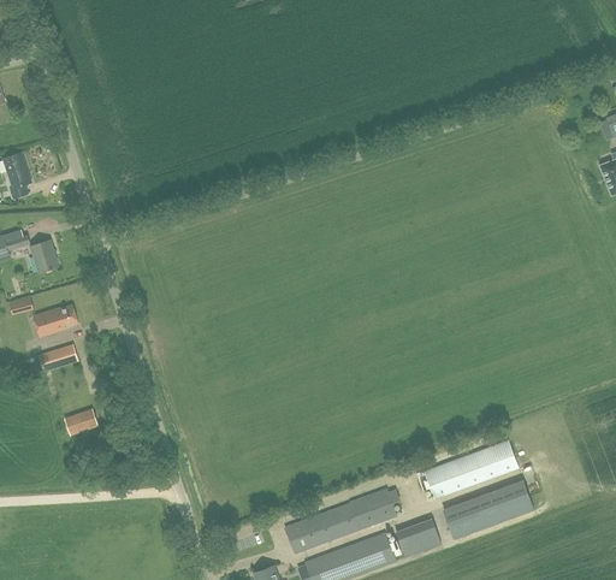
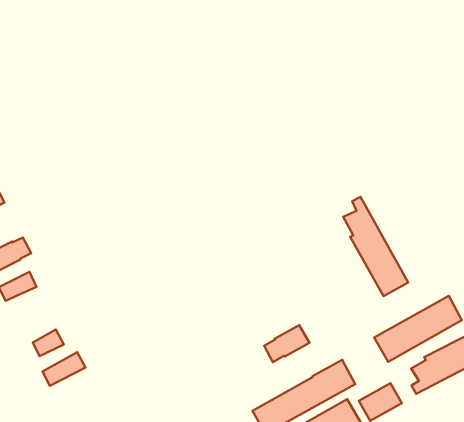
building: none -> [343,197,408,296]
building: none -> [42,352,86,386]
building: none -> [264,325,310,362]

